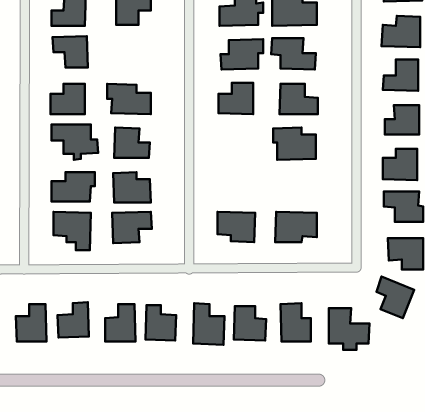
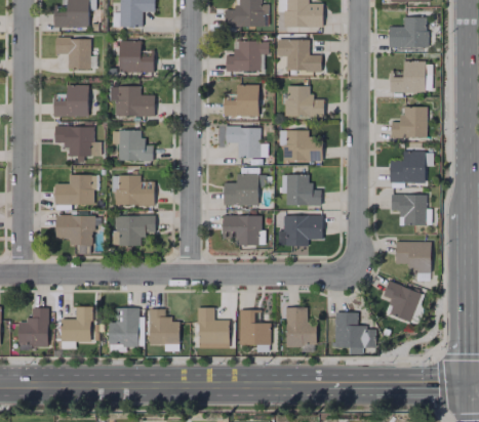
building: none -> [119,41,155,73]
building: none -> [226,127,261,158]
building: none -> [224,174,258,206]
building: none -> [286,175,321,206]

